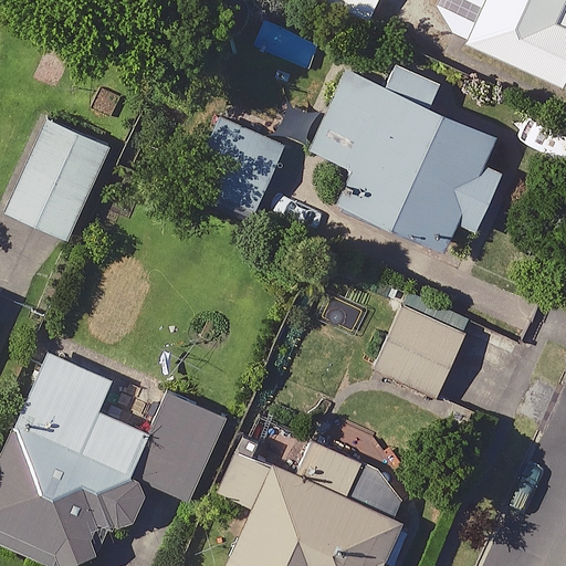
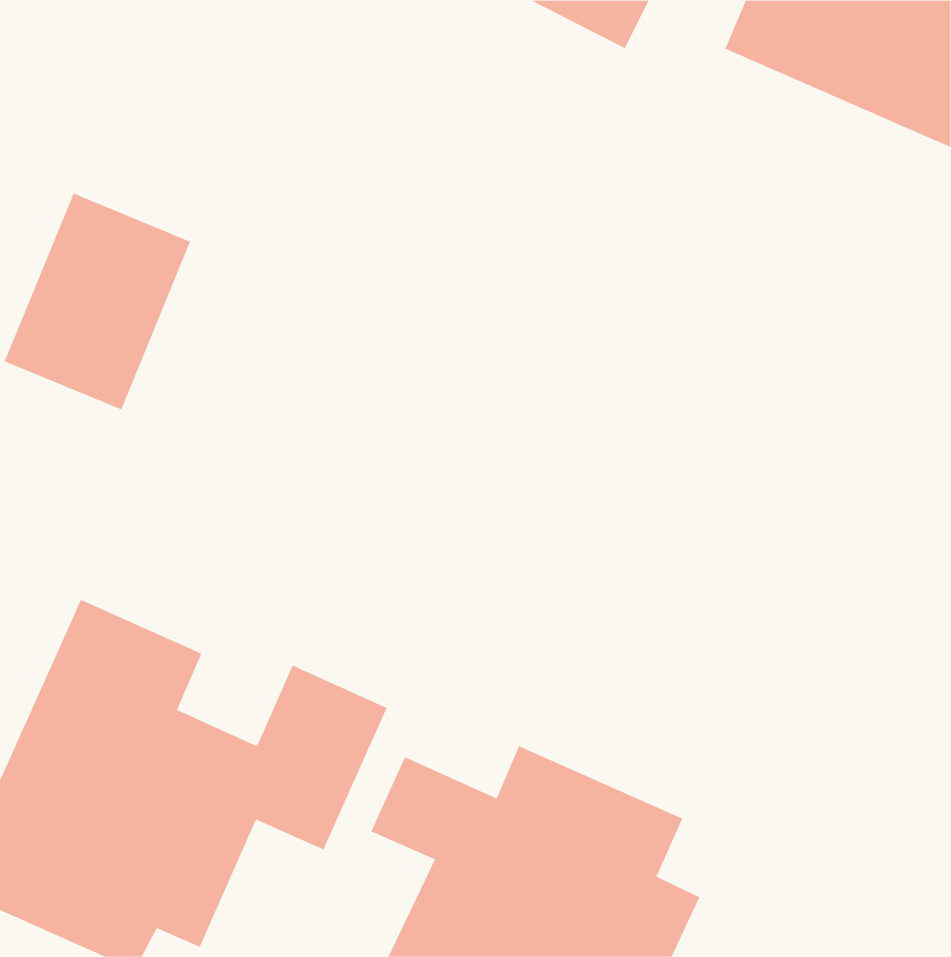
building: [312,59,491,251] -> none
building: [189,125,280,216] -> none
building: [374,304,467,397] -> none

